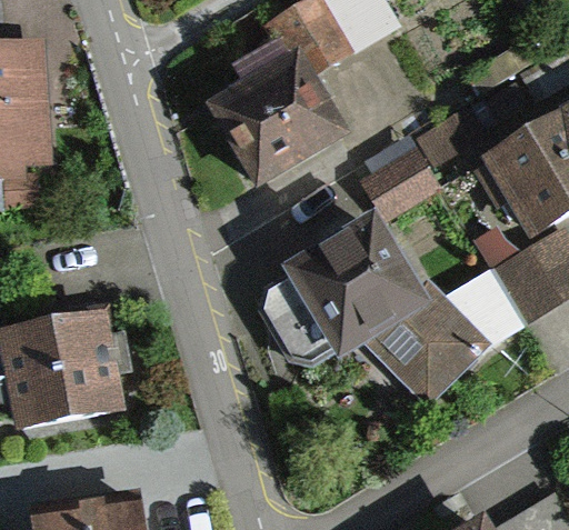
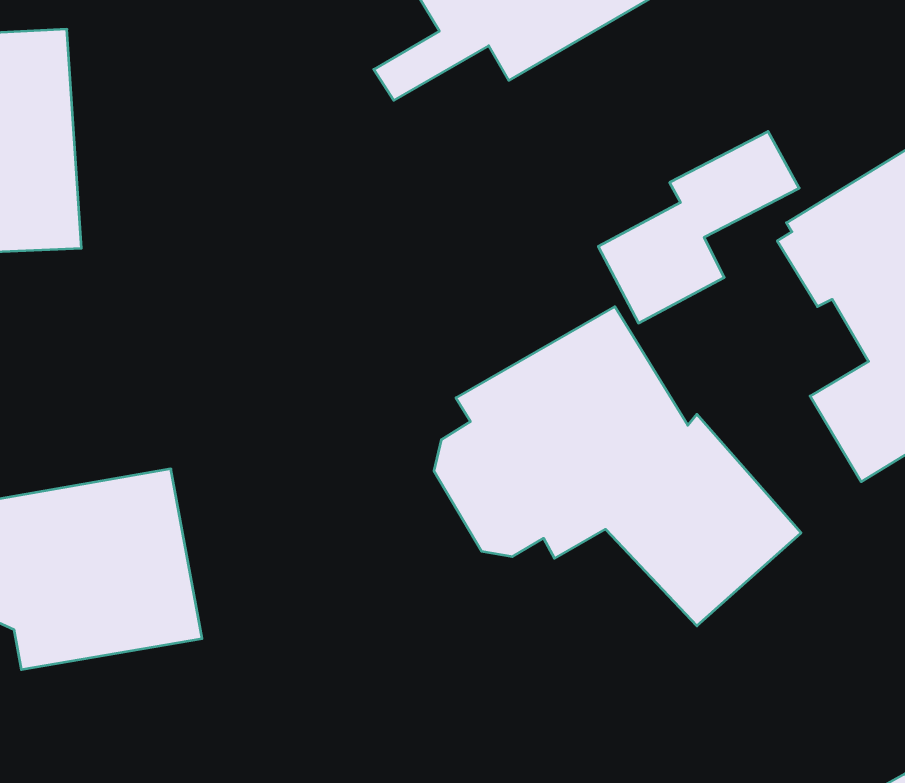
building: [207,50,350,191] -> none

